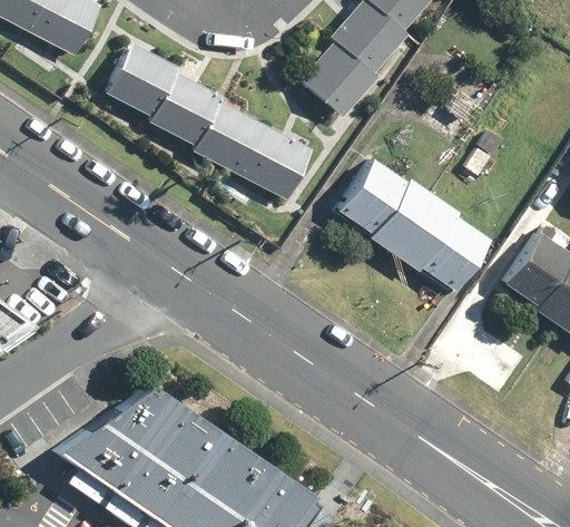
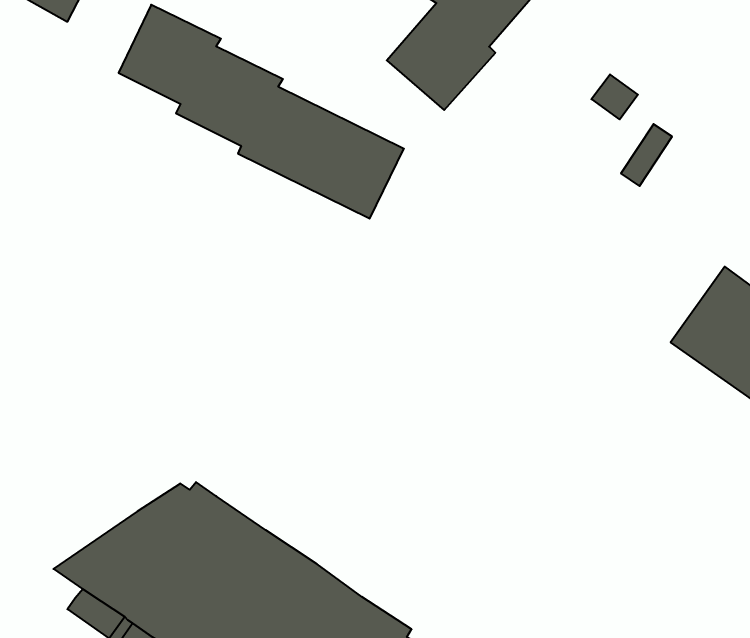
building: [334,159,490,296] -> none

